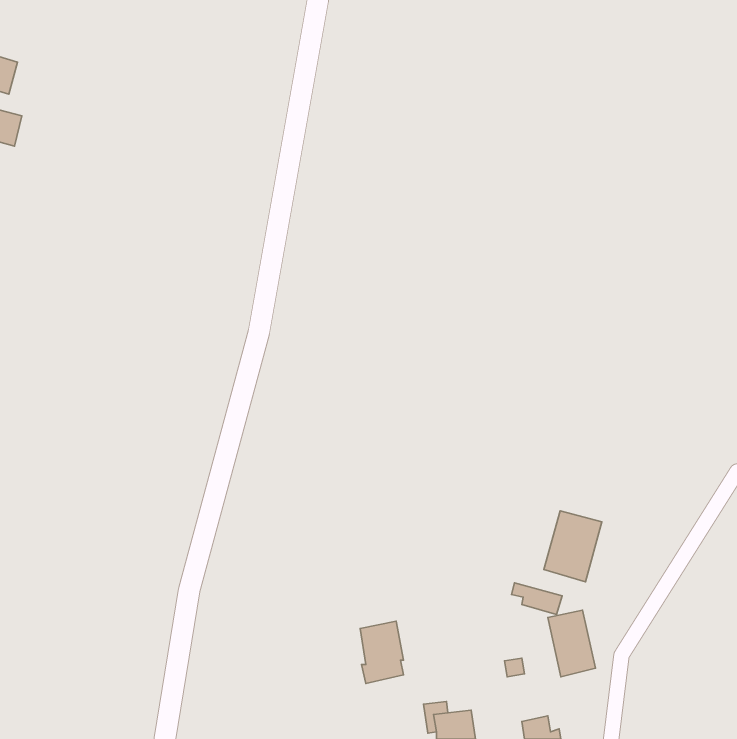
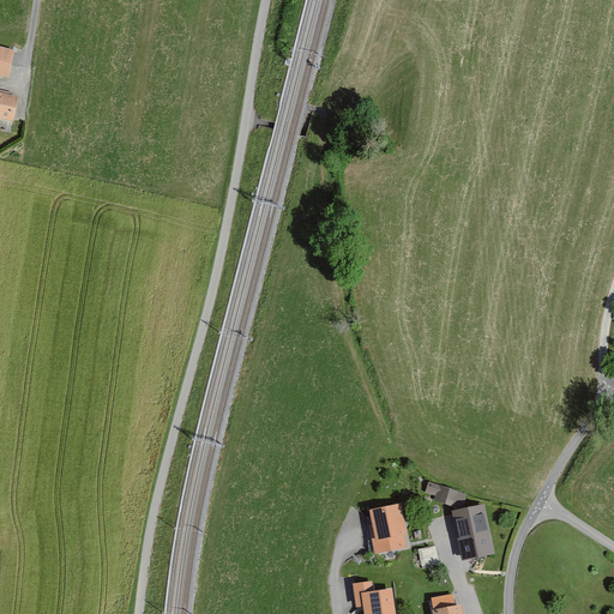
building: [544,511,602,582] -> none
building: [360,621,404,683] -> [369,502,405,554]

